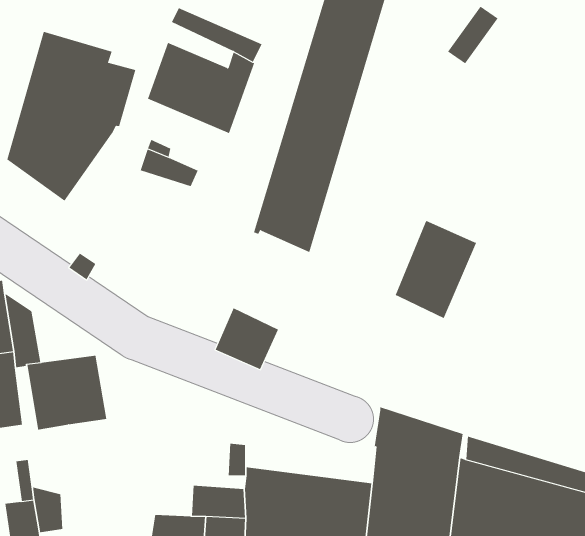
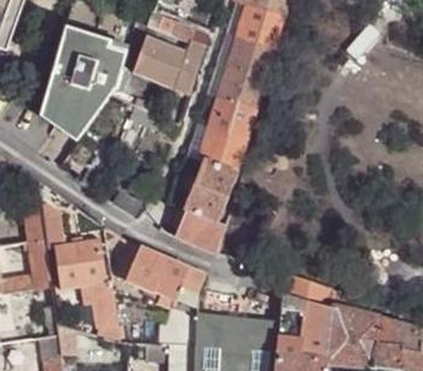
building: [395,220,477,319] -> [185,159,239,224]
building: none -> [127,250,203,294]
building: none -> [80,281,119,342]

